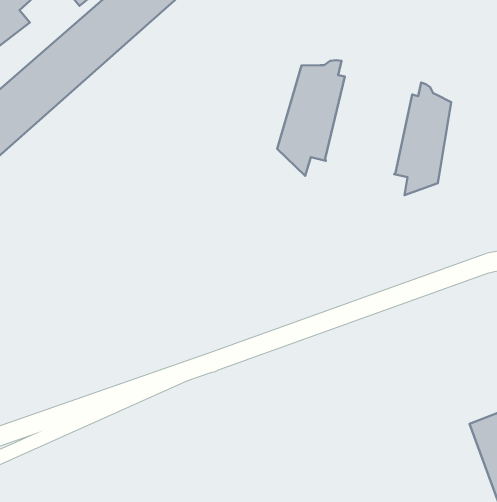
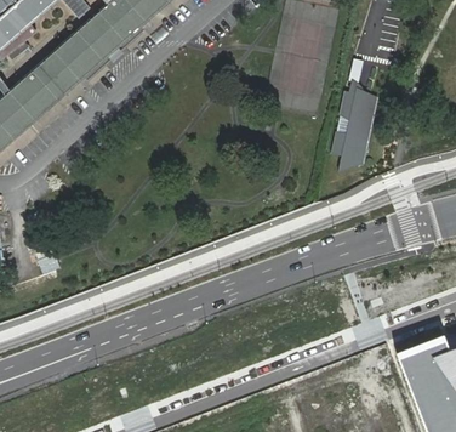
building: [277,60,345,176] -> none

